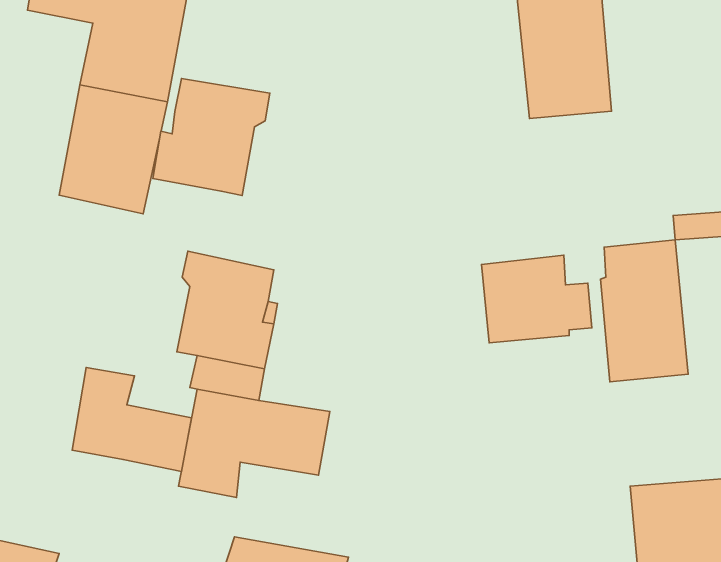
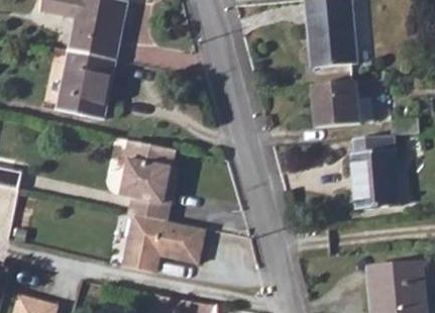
building: [153,79,270,196] -> none
building: [482,255,592,343] -> [311,80,370,127]
building: [72,368,191,471] -> none

